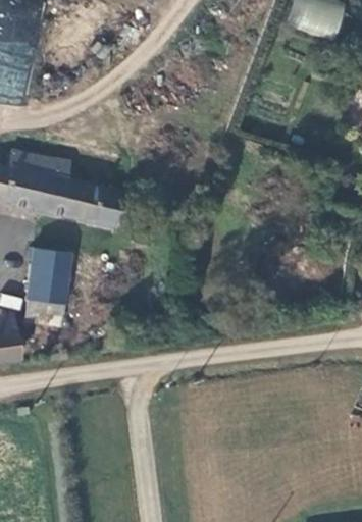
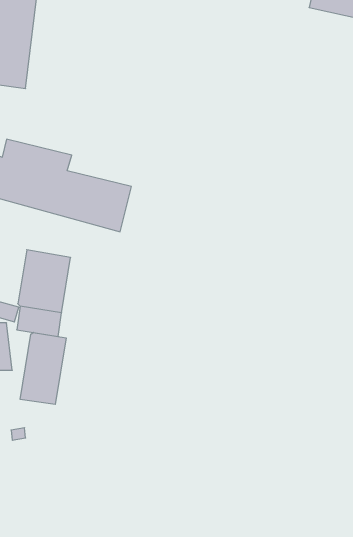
building: none -> [20,332,66,404]

